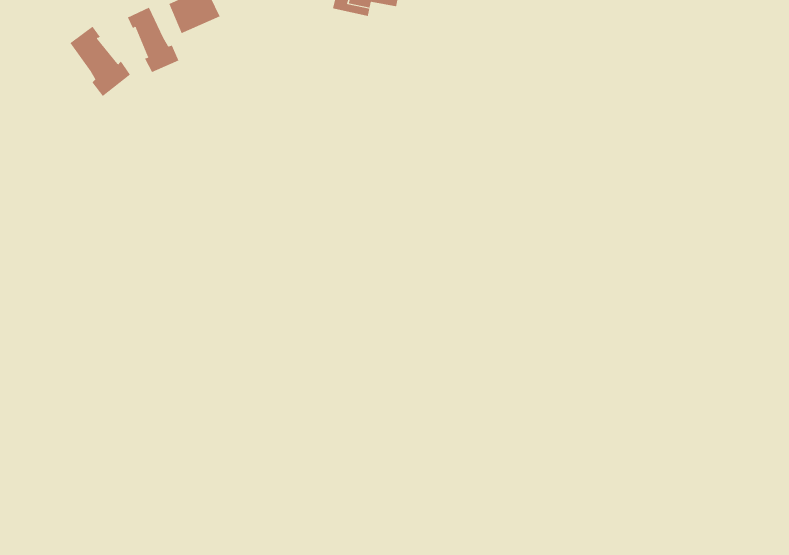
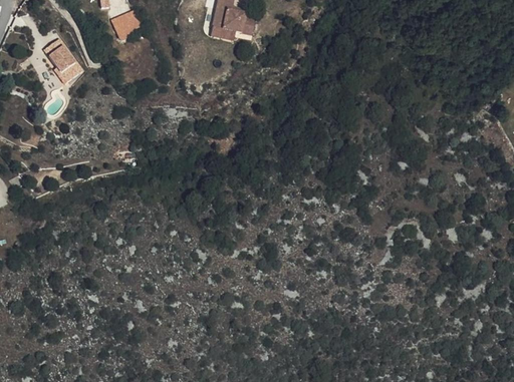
building: [127,7,179,73] -> none

